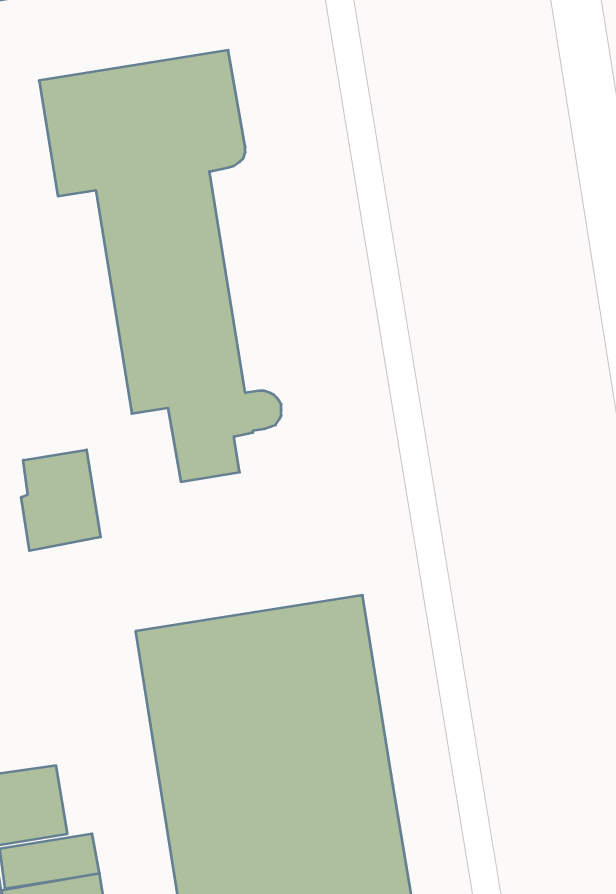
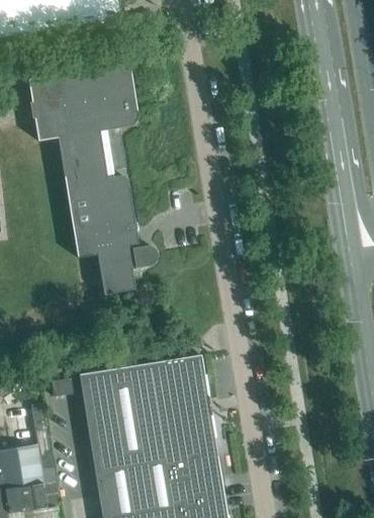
building: [21,450,101,551] -> none

